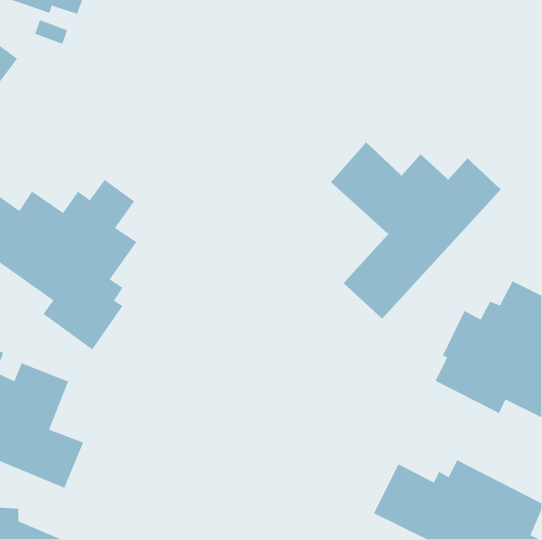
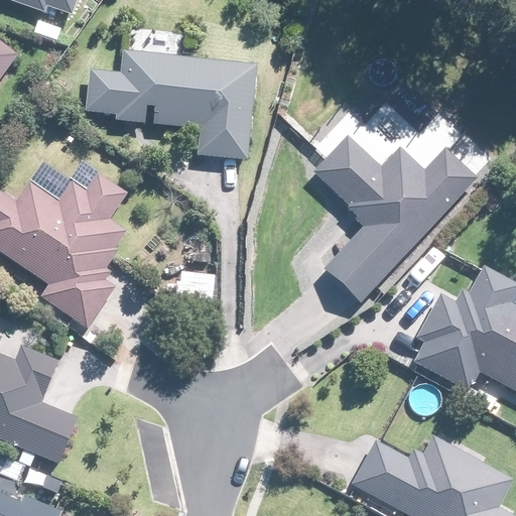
building: none -> [85,51,255,160]

